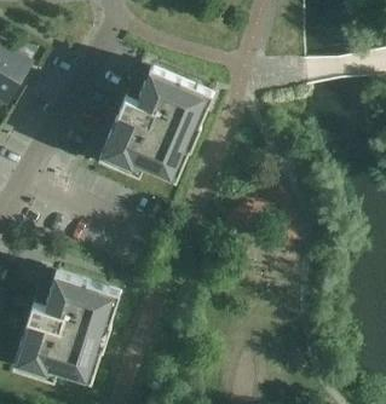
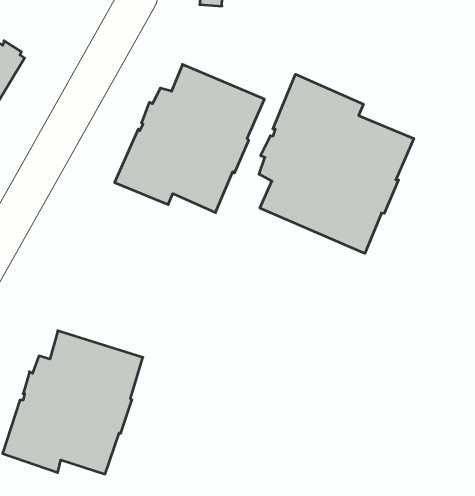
building: none -> [259,74,414,253]

